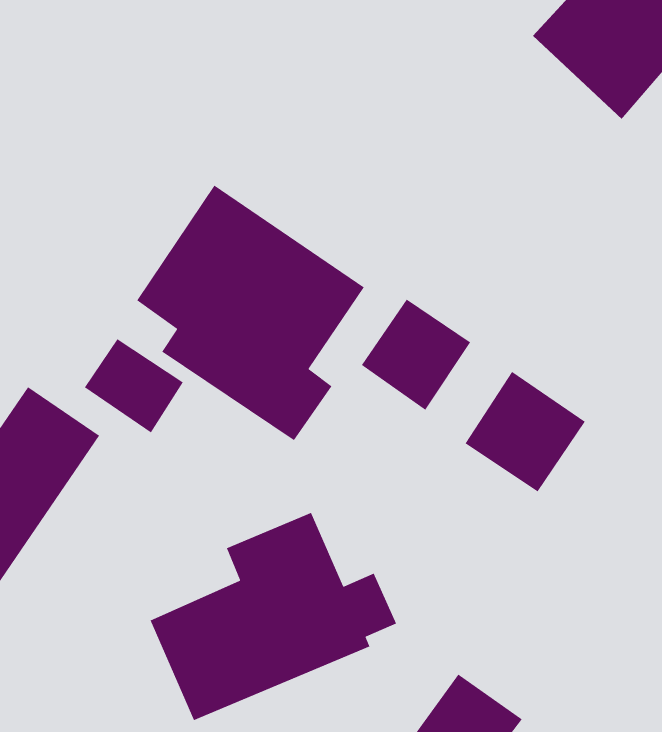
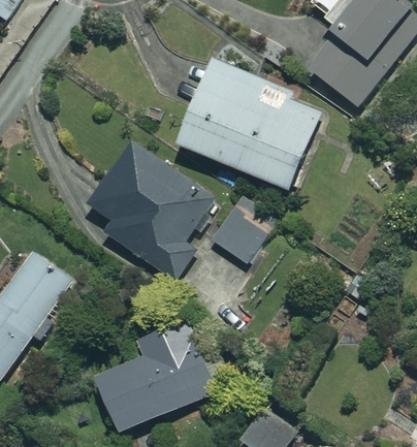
building: none -> [180,61,320,190]
building: [84,338,184,433] -> none
building: [465,371,586,492] -> none

